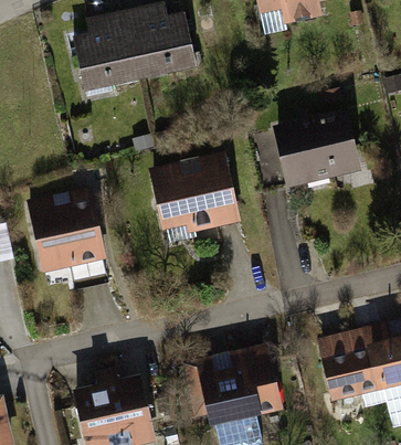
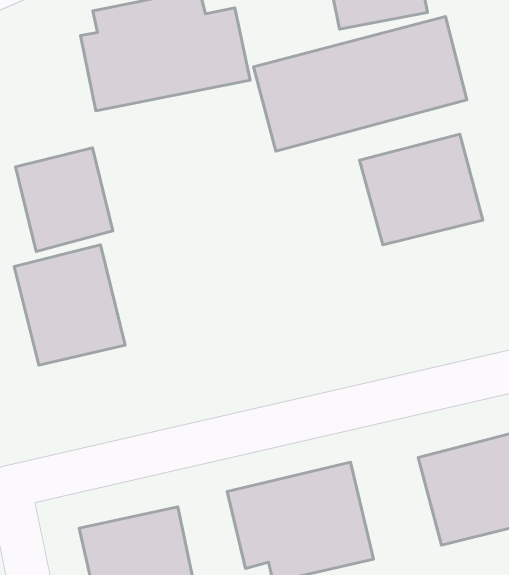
building: none -> [254,17,467,151]
building: none -> [15,148,113,251]
building: [150,153,243,239] -> none

